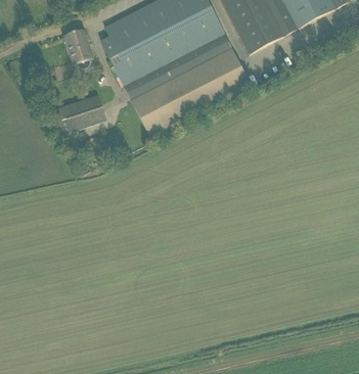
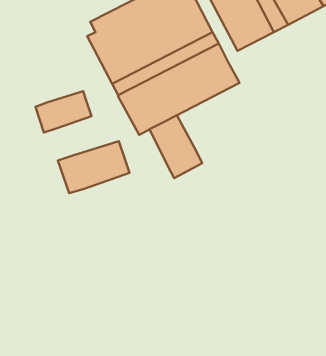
building: [63,27,92,66] -> none
building: none -> [150,115,202,178]
building: none -> [58,141,129,193]

